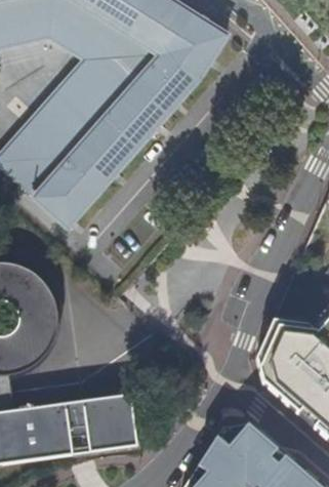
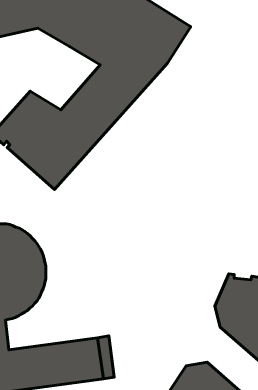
building: [40,55,122,129] -> none

